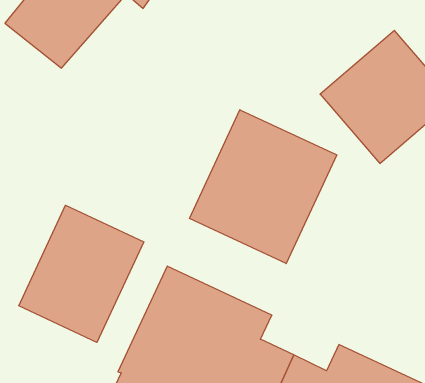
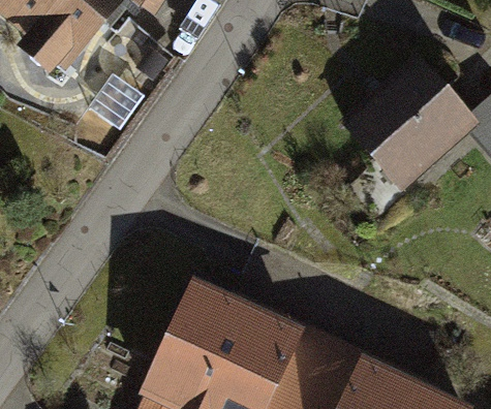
building: [189,110,337,264] -> none
building: [19,205,144,342] -> none

